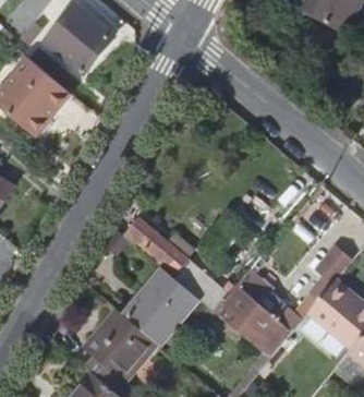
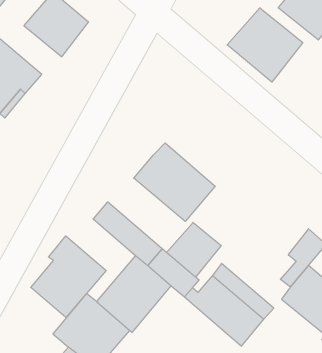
building: none -> [227,8,303,82]
building: none -> [134,143,215,221]
building: none -> [166,222,221,277]
building: none -> [31,236,106,317]

